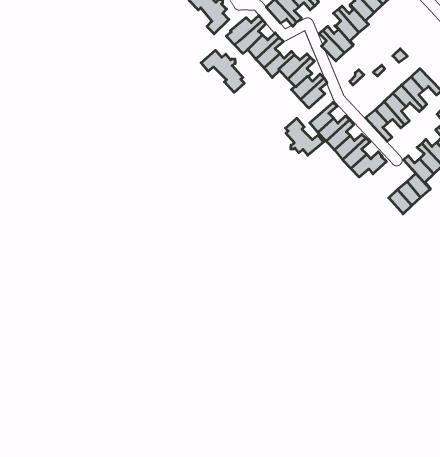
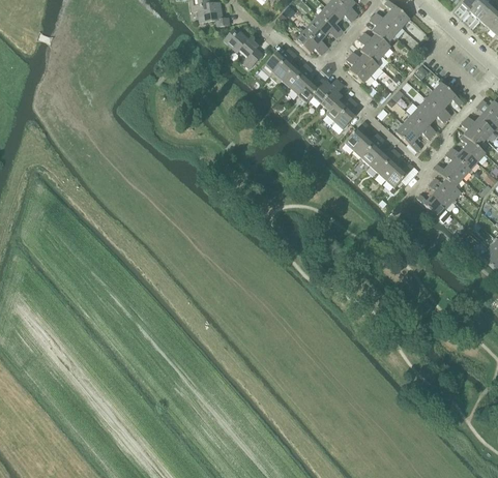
building: [201,50,244,92] -> none
building: [285,118,324,155] -> none

